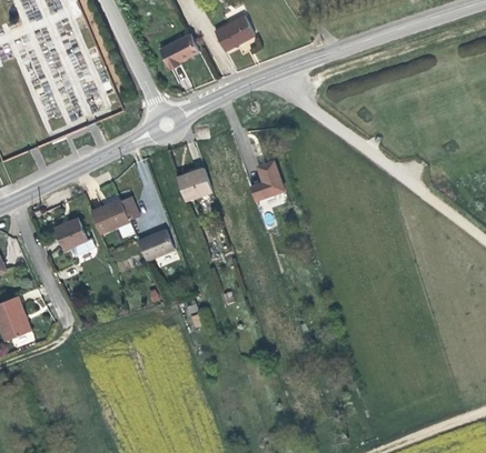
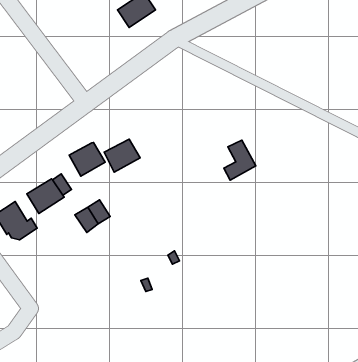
building: [158,33,198,73] -> none
building: none -> [69,142,105,176]
building: [251,167,285,205] -> [224,140,256,180]

